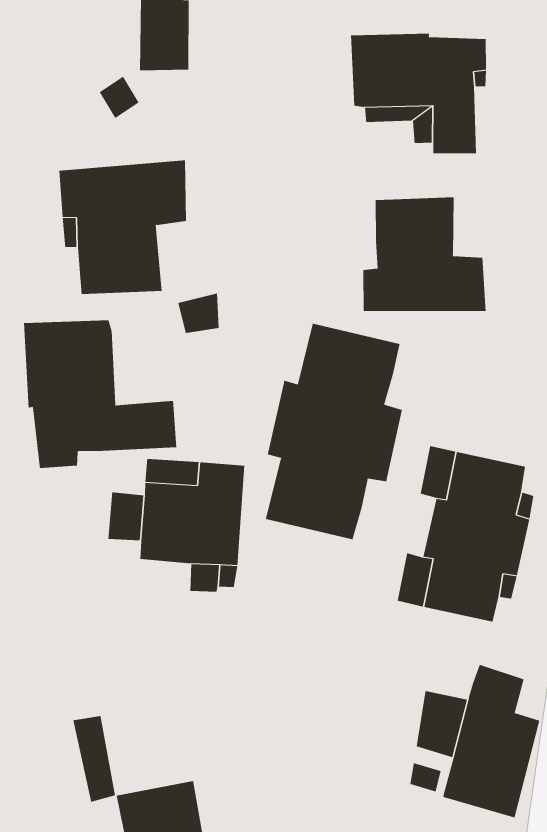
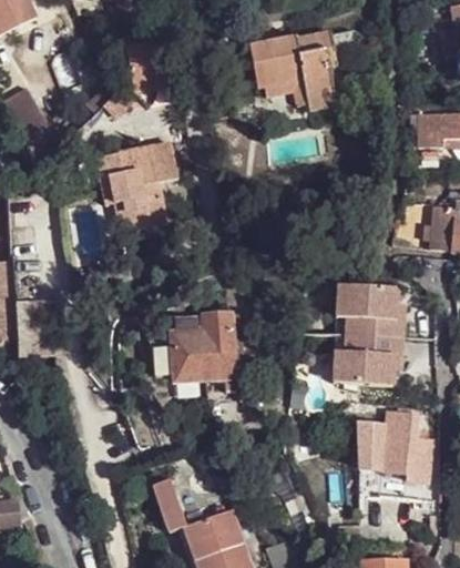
building: [363,197,486,312] -> none
building: [24,319,177,469] -> none
building: [265,323,403,540] -> none

